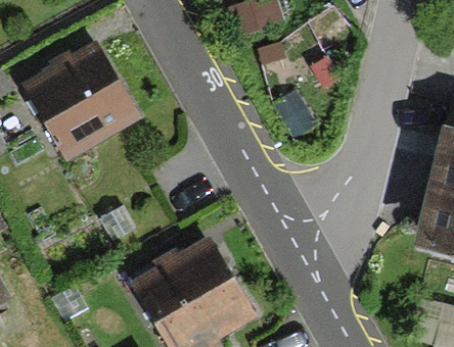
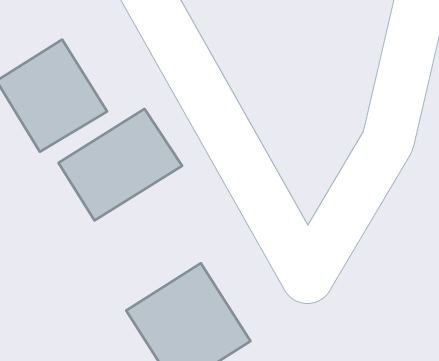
building: none -> [59,109,182,221]

